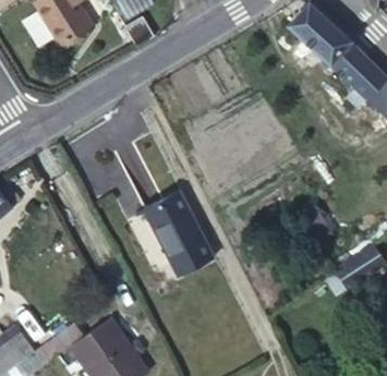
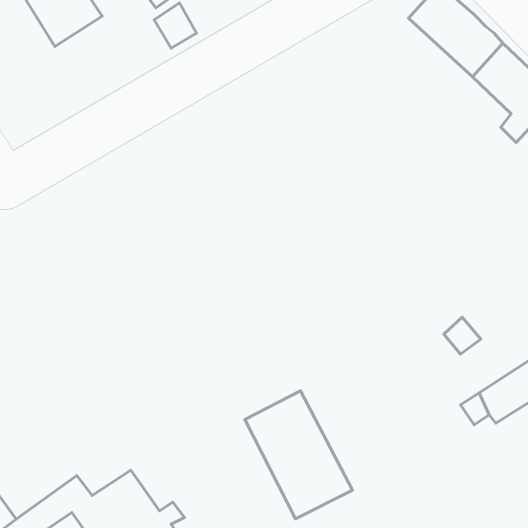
building: [145,191,215,274] -> [245,391,353,519]

